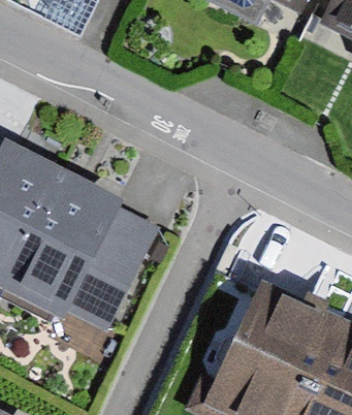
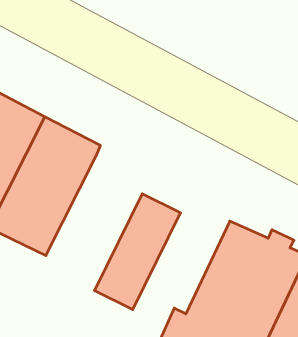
building: [69,210,162,334] -> [94,194,181,310]

